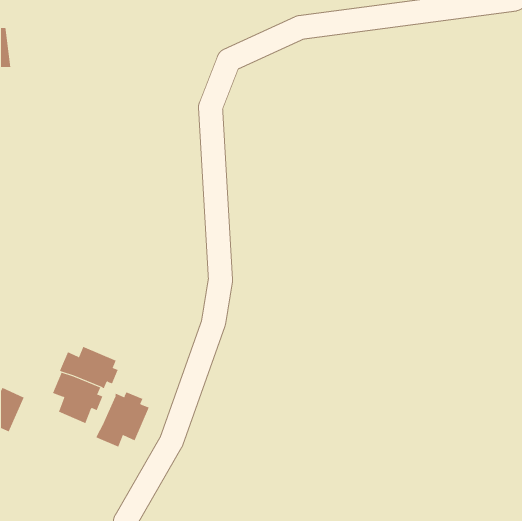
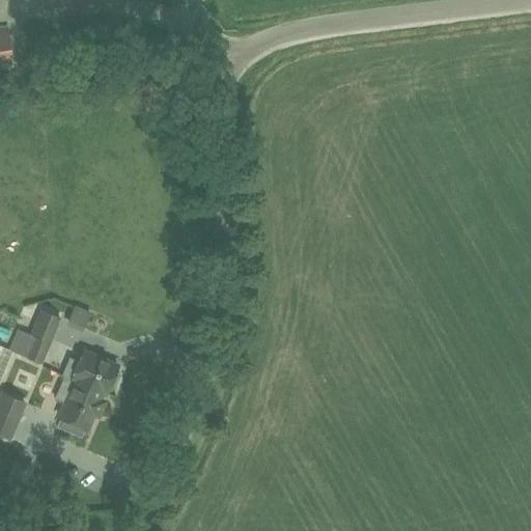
building: none -> [22,311,60,364]
building: [96,392,149,448] -> none

